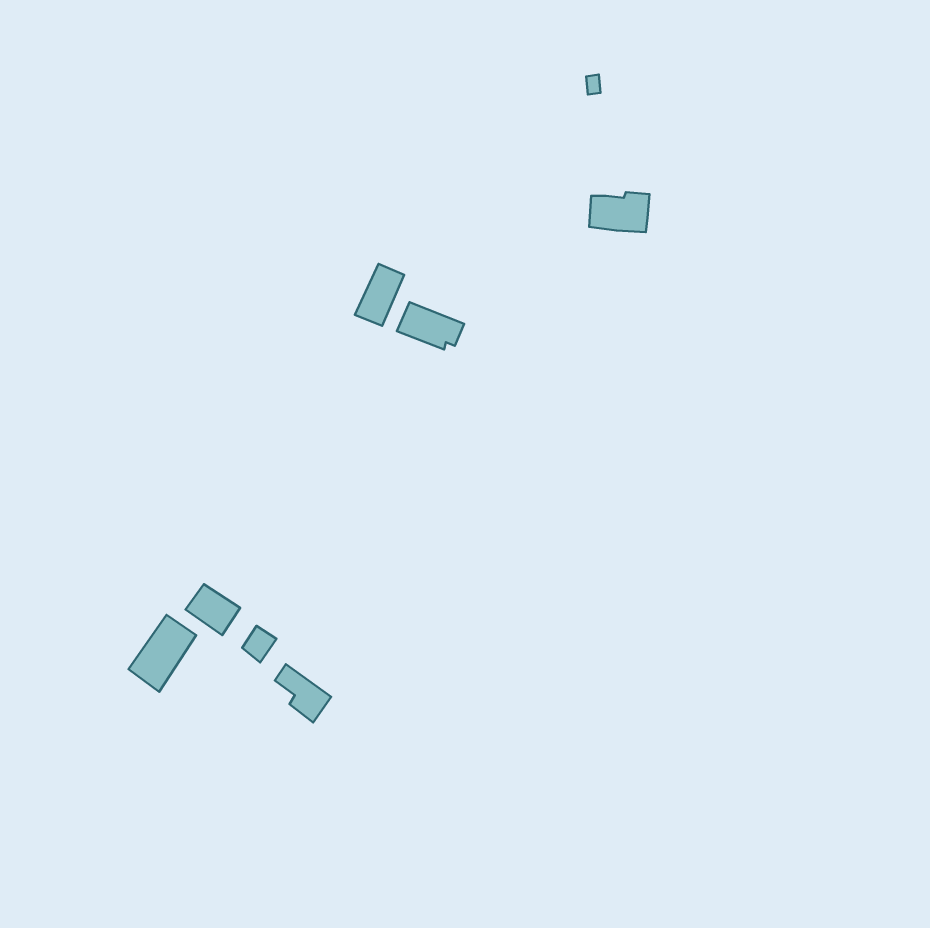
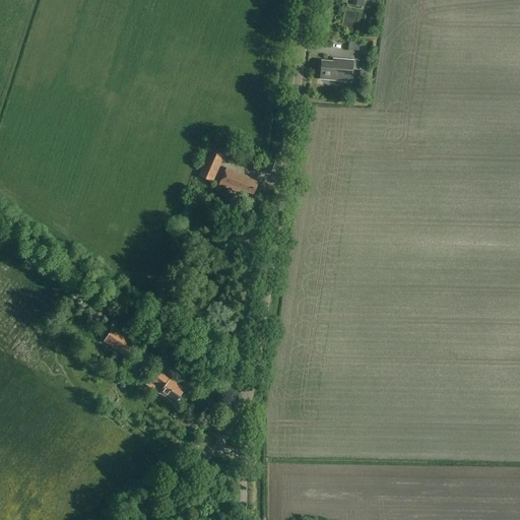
building: [589,192,649,232] -> [320,59,353,81]
building: [128,615,196,692] -> none

